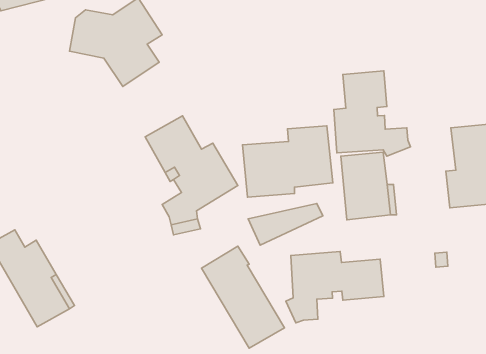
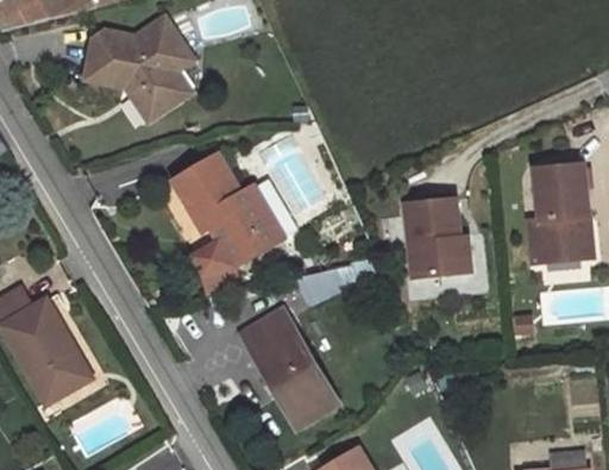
building: [334,71,411,156] -> none
building: [242,126,333,197] -> none
building: [286,252,384,323] -> none

